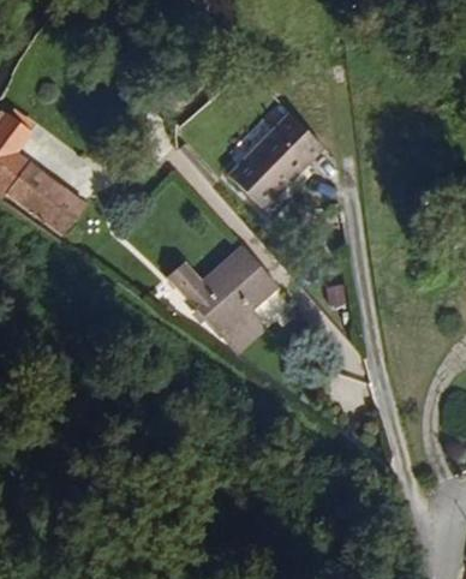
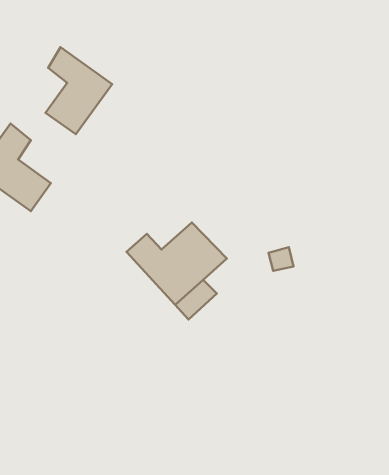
building: none -> [46,47,112,134]
building: [228,118,316,207] -> none

